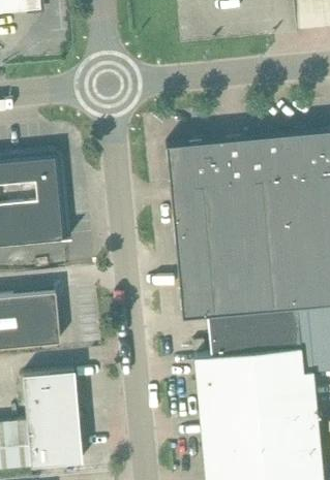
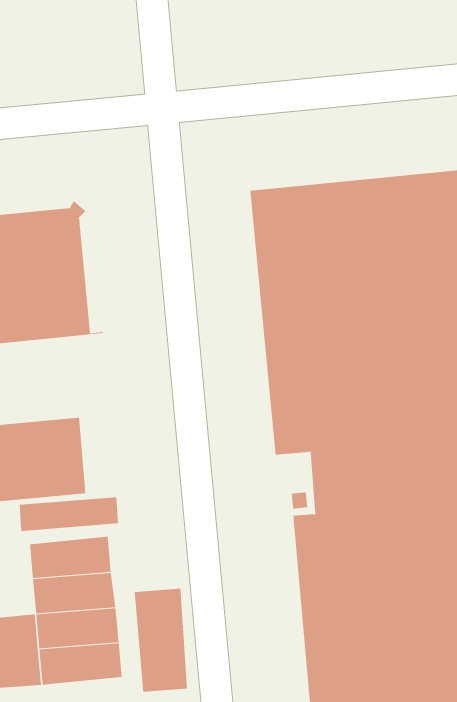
building: none -> [19,496,119,532]
building: none -> [134,588,187,692]

